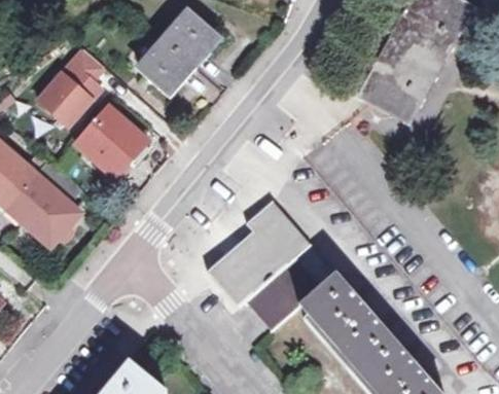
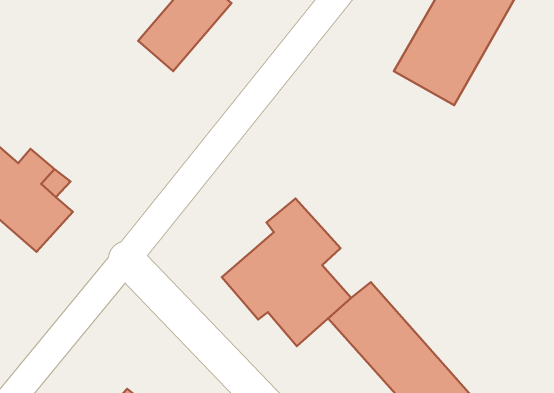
building: [38,49,106,127] -> none
building: [76,106,146,177] -> none

